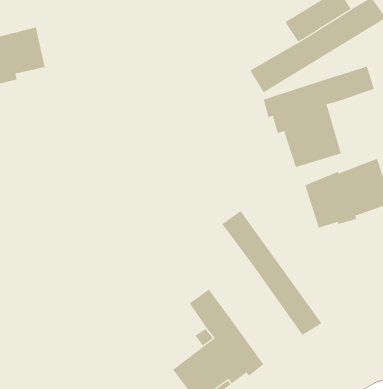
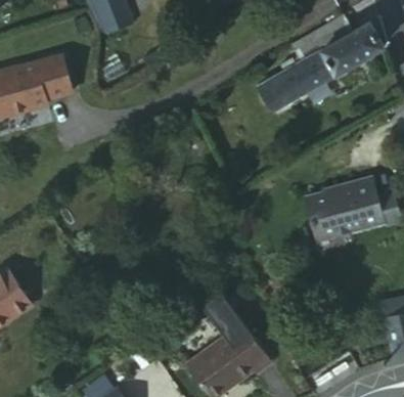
building: [263,66,375,168] -> none
building: [222,210,322,336] -> none

